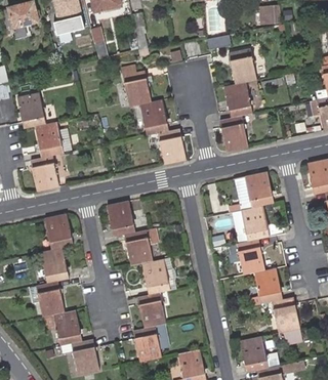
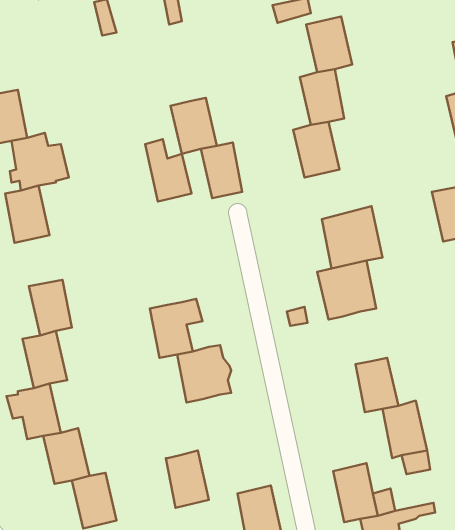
building: [120,66,150,105] -> [145,139,191,202]
building: [107,201,134,237] -> none
building: [233,236,266,272] -> none
building: [137,292,165,328] -> none

